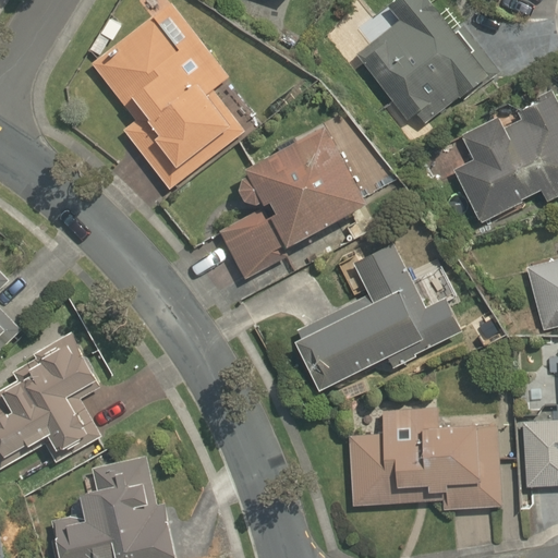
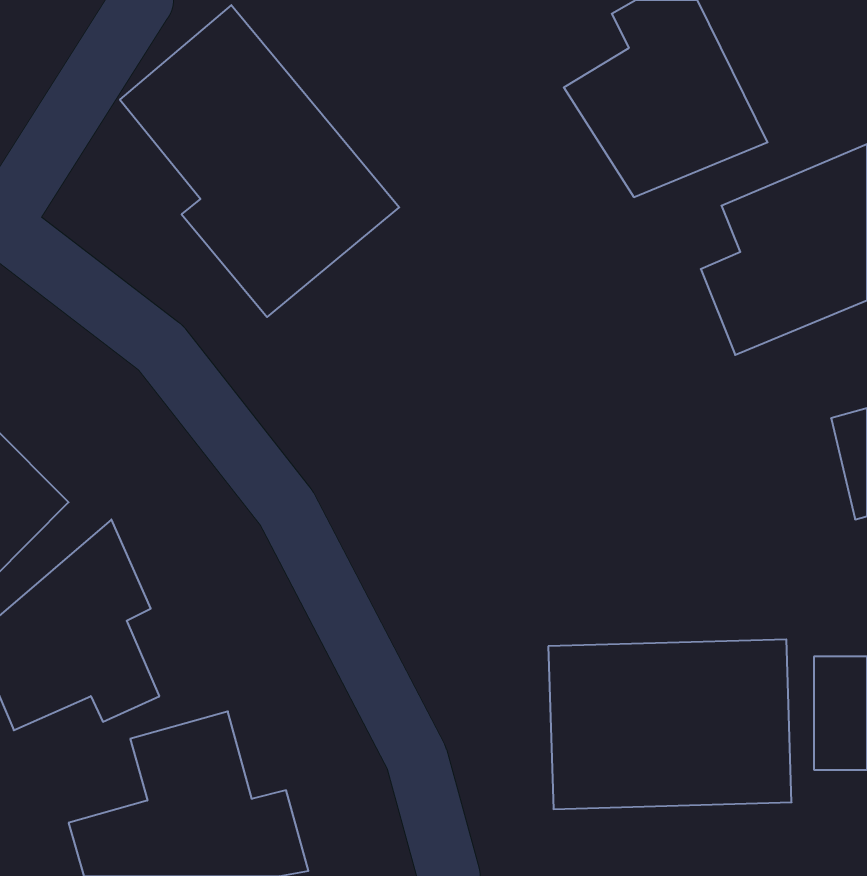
building: [214,122,380,283] -> none
building: [295,233,469,398] -> none

